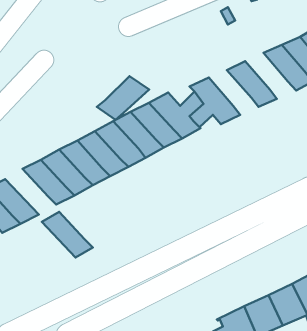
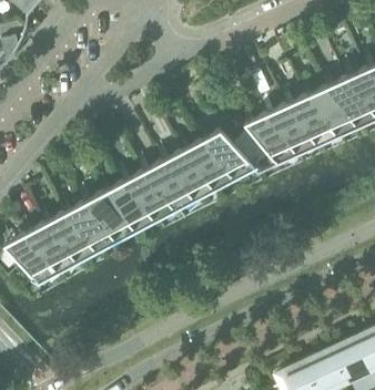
building: none -> [304,85,359,135]
building: none -> [264,104,318,153]
building: [97,76,149,120] -> none
building: [42,212,93,258] -> [42,212,98,261]

